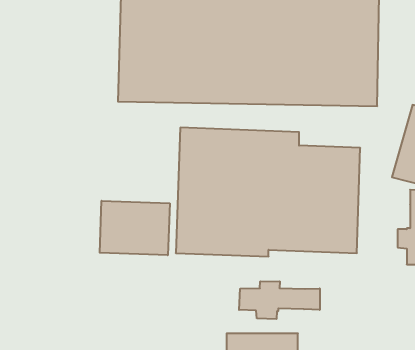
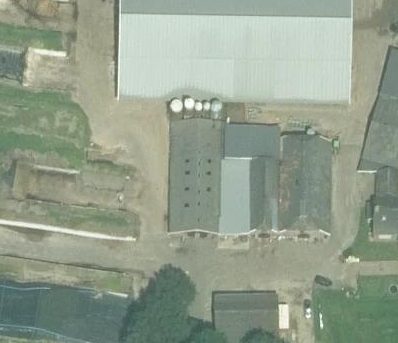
building: [100,201,170,255] -> none
building: [239,281,320,319] -> none

